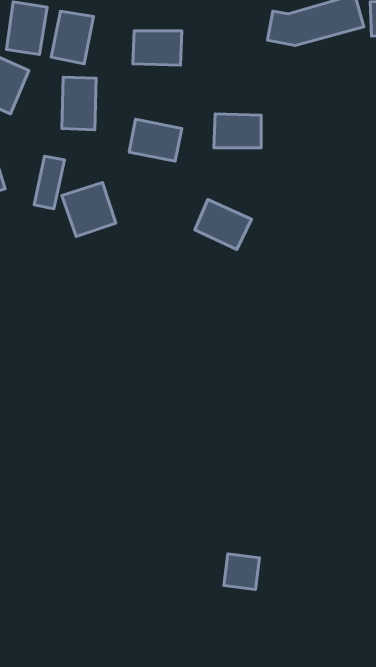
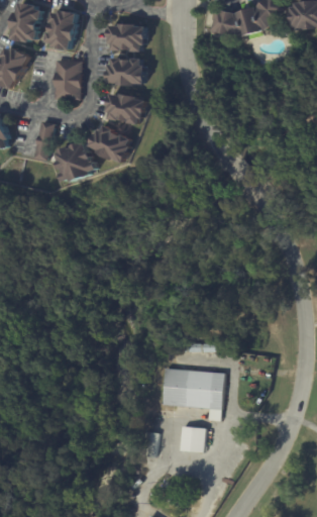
building: [214,114,261,148] -> [107,58,143,84]
building: [195,199,251,249] -> [90,124,133,163]
building: none -> [161,369,222,420]

